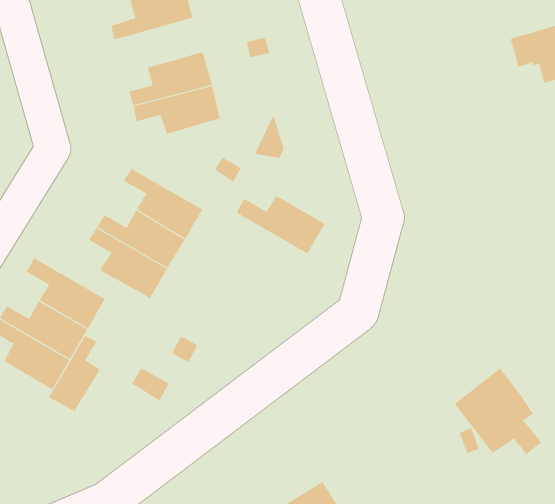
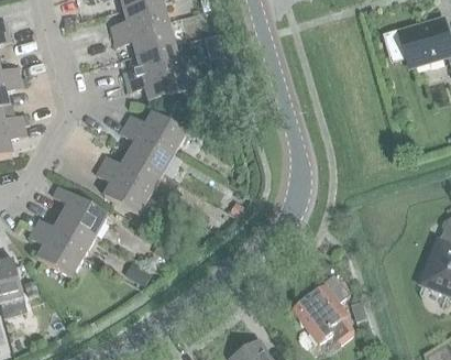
building: none -> [113,21,175,55]
building: [236,195,325,254] -> [125,112,187,153]
building: [49,335,101,412] -> none
building: [454,367,542,455] -> [292,283,352,343]

